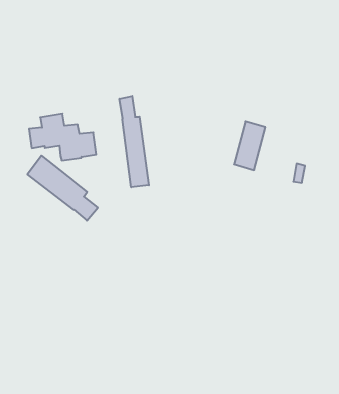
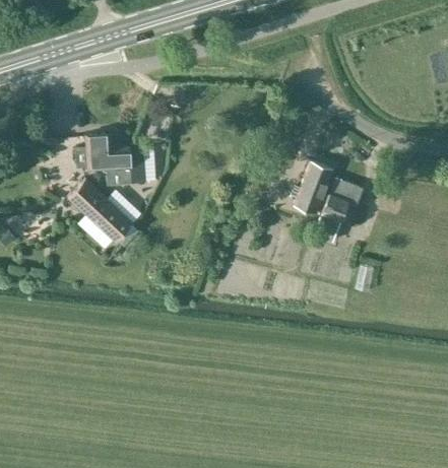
building: [120,96,149,187] -> none
building: none -> [312,178,362,243]

